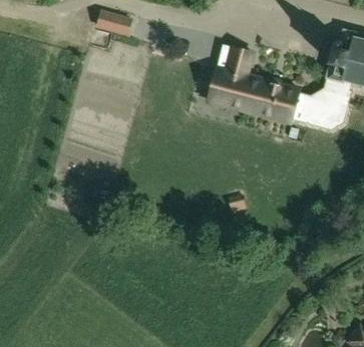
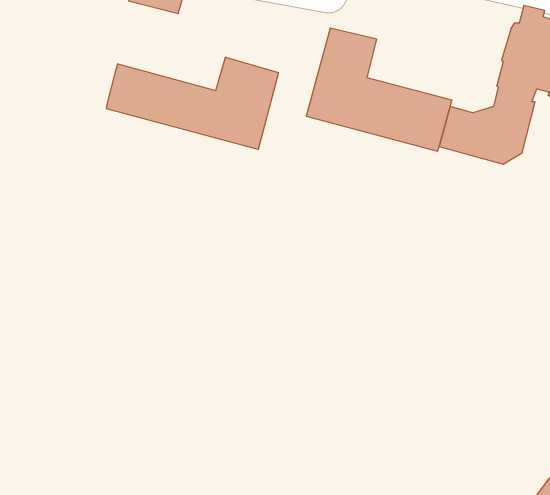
building: none -> [106,57,278,149]

